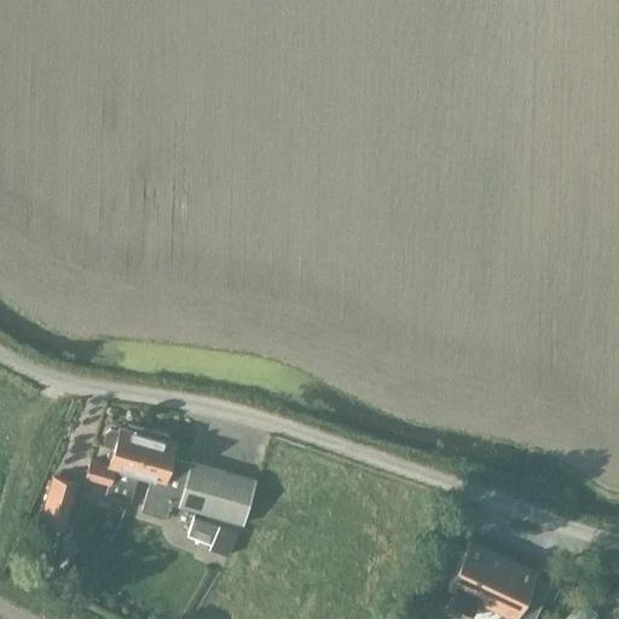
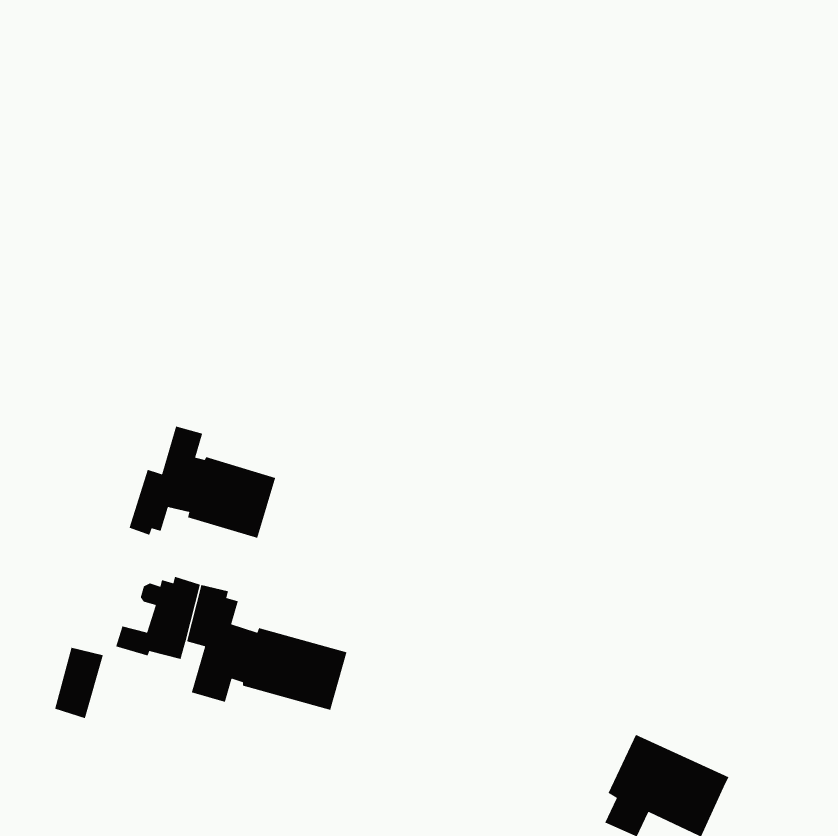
building: none -> [128,425,276,539]
building: [187,517,238,557] -> none

